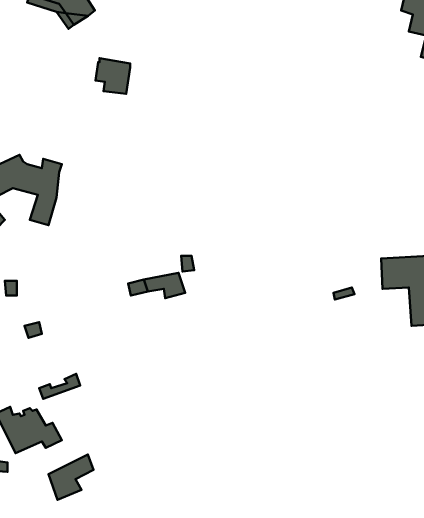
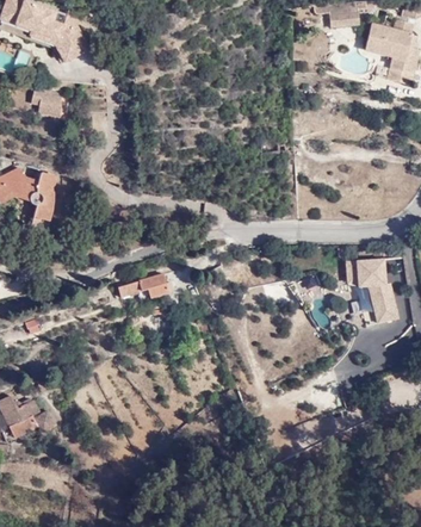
building: [96,58,130,94] -> [32,87,63,119]
building: [49,454,93,500] -> none

